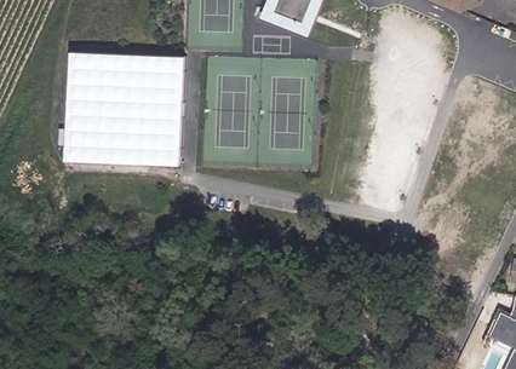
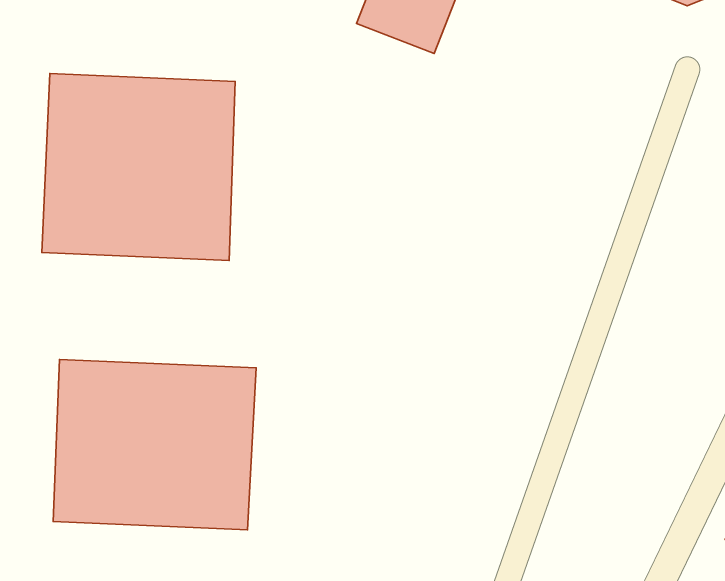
building: none -> [53,360,256,530]

